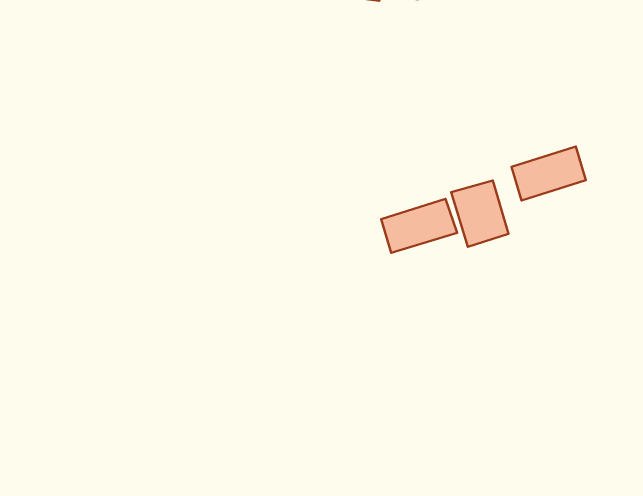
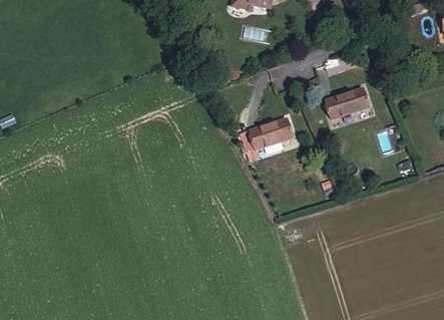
building: [451,180,509,247] -> none

